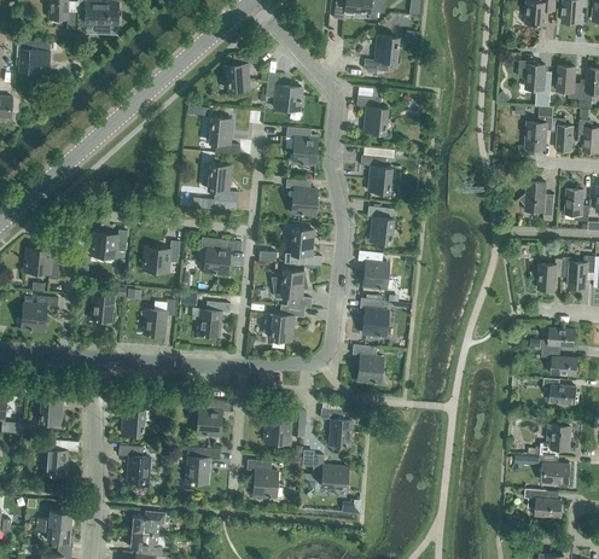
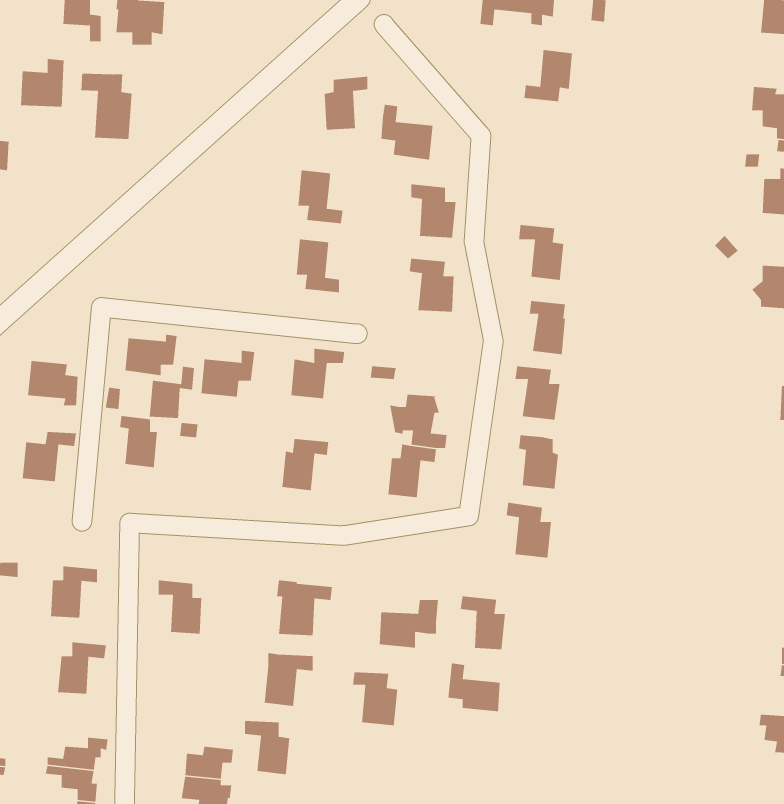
building: none -> [81,73,132,140]
building: [356,97,386,135] -> none
building: [291,229,321,267] -> none
building: [144,301,175,337] -> [149,366,195,419]
building: [118,447,150,484] -> [244,720,290,775]

